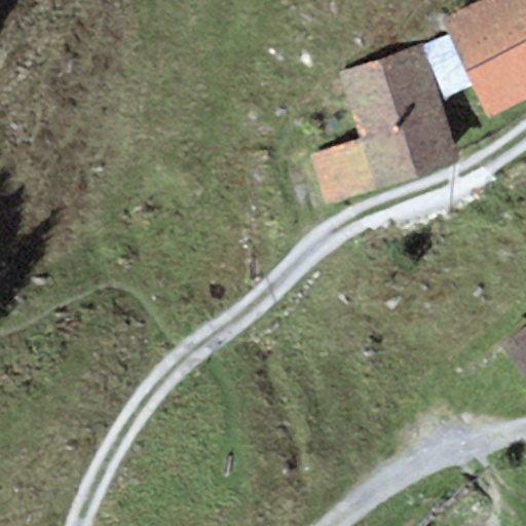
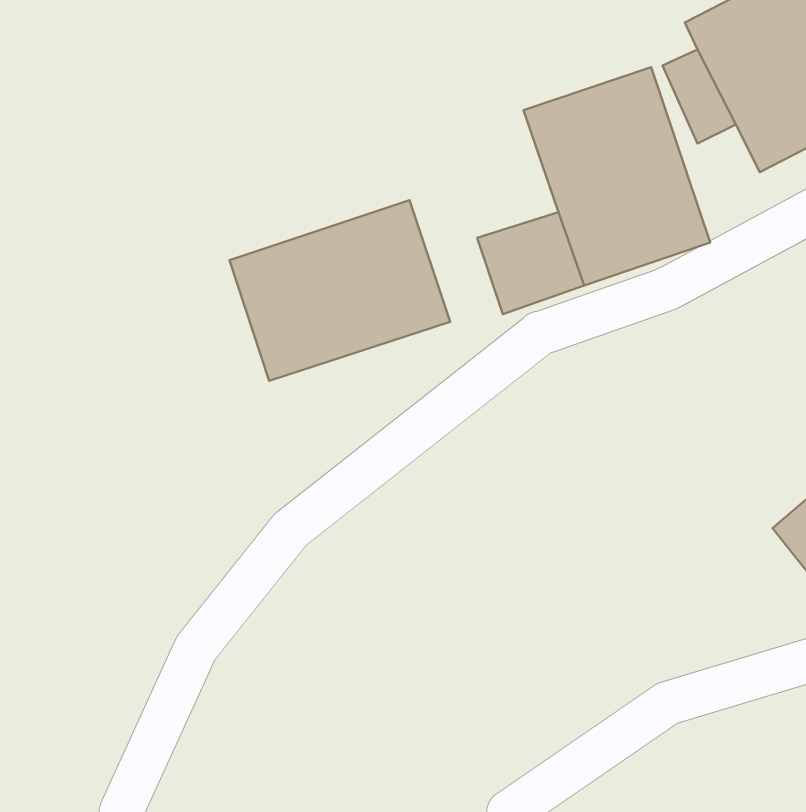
building: none -> [229,200,450,381]

